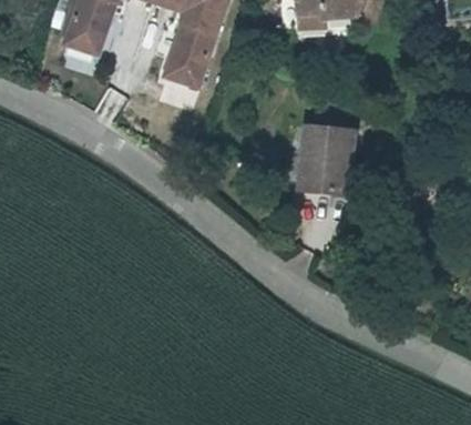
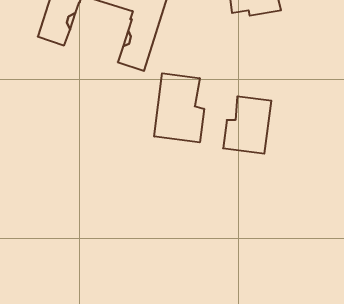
building: none -> [154,73,204,142]

